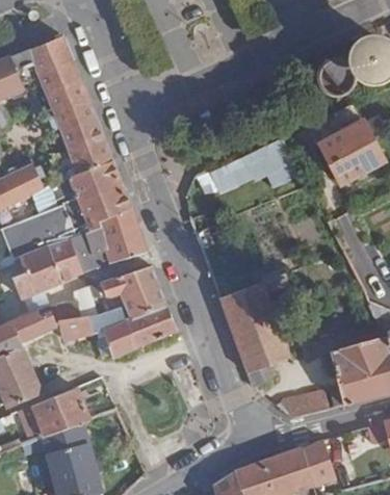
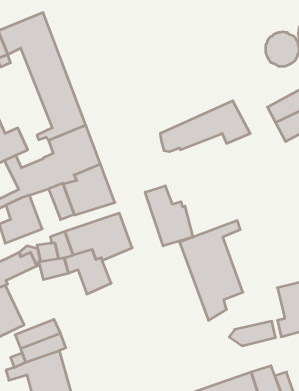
building: none -> [145,186,193,246]
building: [48,237,84,283] -> none
building: [131,305,176,345] -> none

